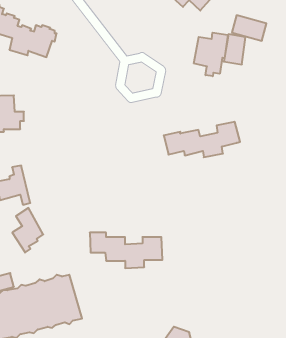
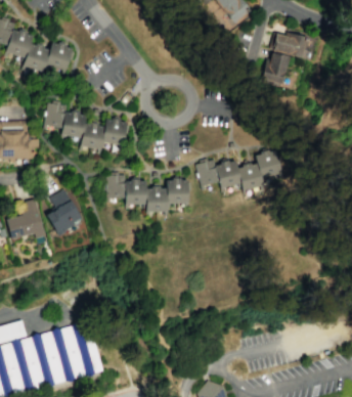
building: [194,33,228,76] -> none
building: none -> [44,100,131,155]
building: [12,208,43,253] -> [46,188,81,238]
building: [90,233,162,268] -> [107,176,189,216]

